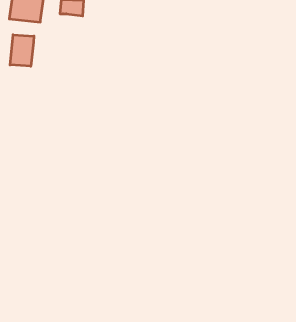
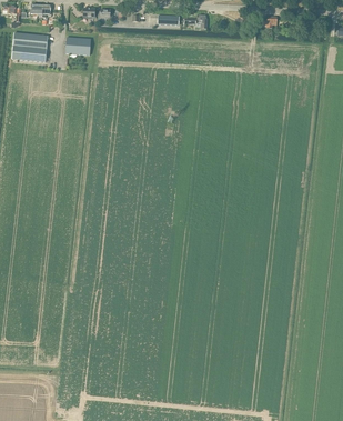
building: [10,35,34,66] -> none

